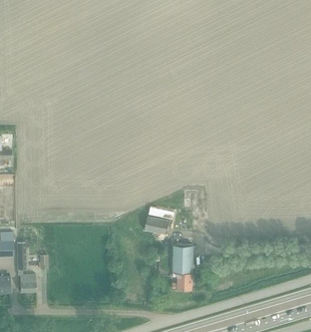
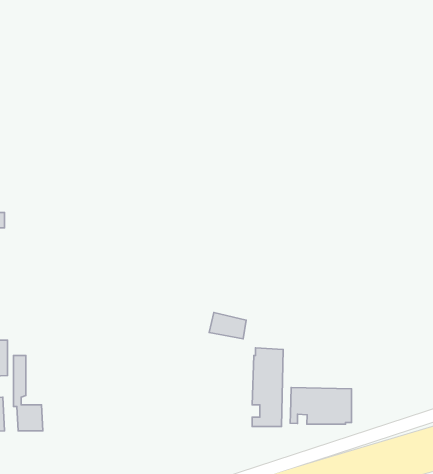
building: none -> [290,387,352,424]

